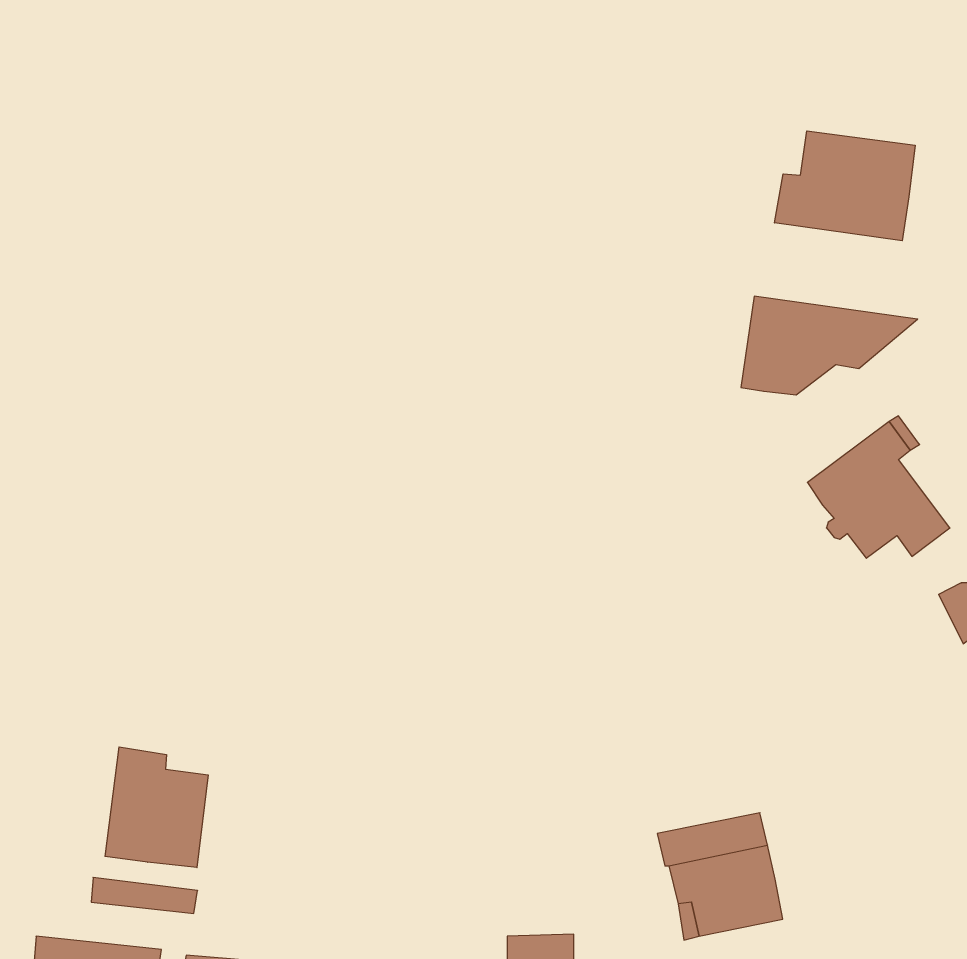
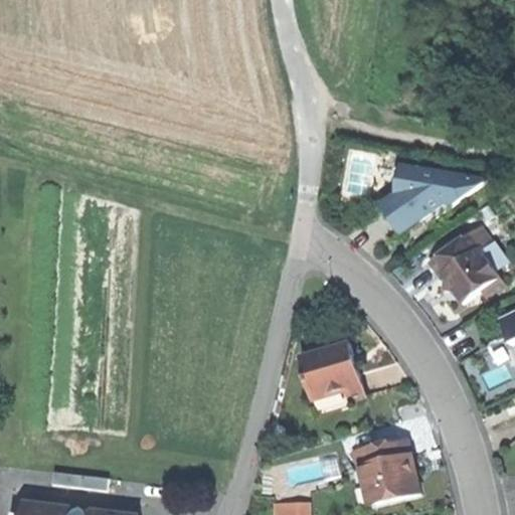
building: [775,131,915,241] -> none
building: none -> [298,341,363,399]
building: [105,747,208,868] -> none

